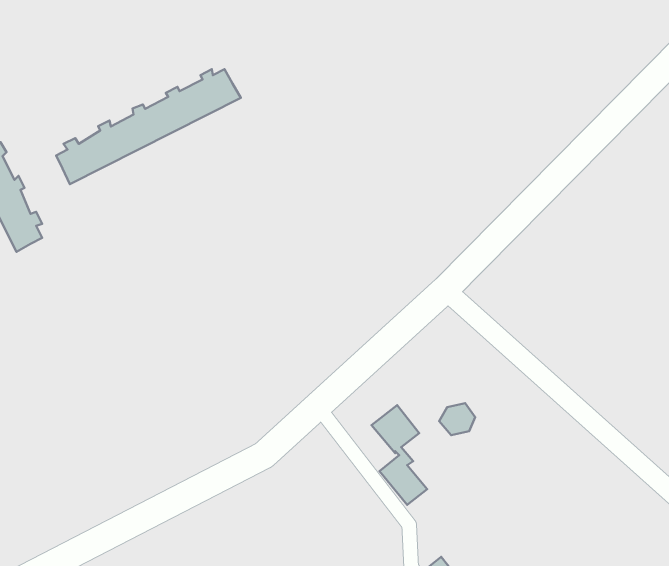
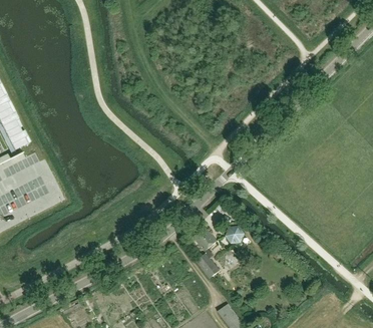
building: [56,69,241,184] -> none

